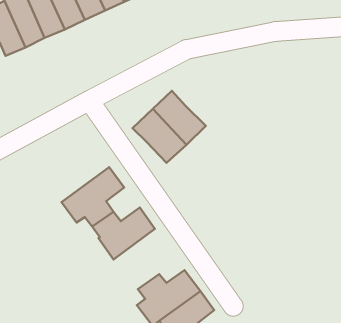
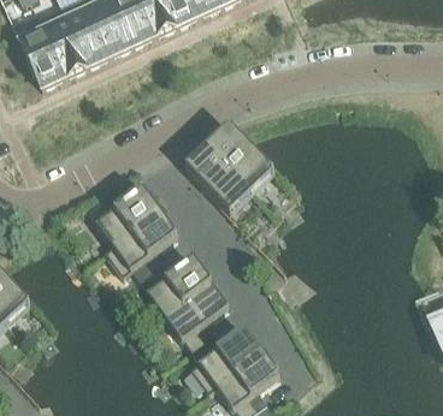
building: none -> [89,188,160,251]
building: none -> [165,281,229,350]

